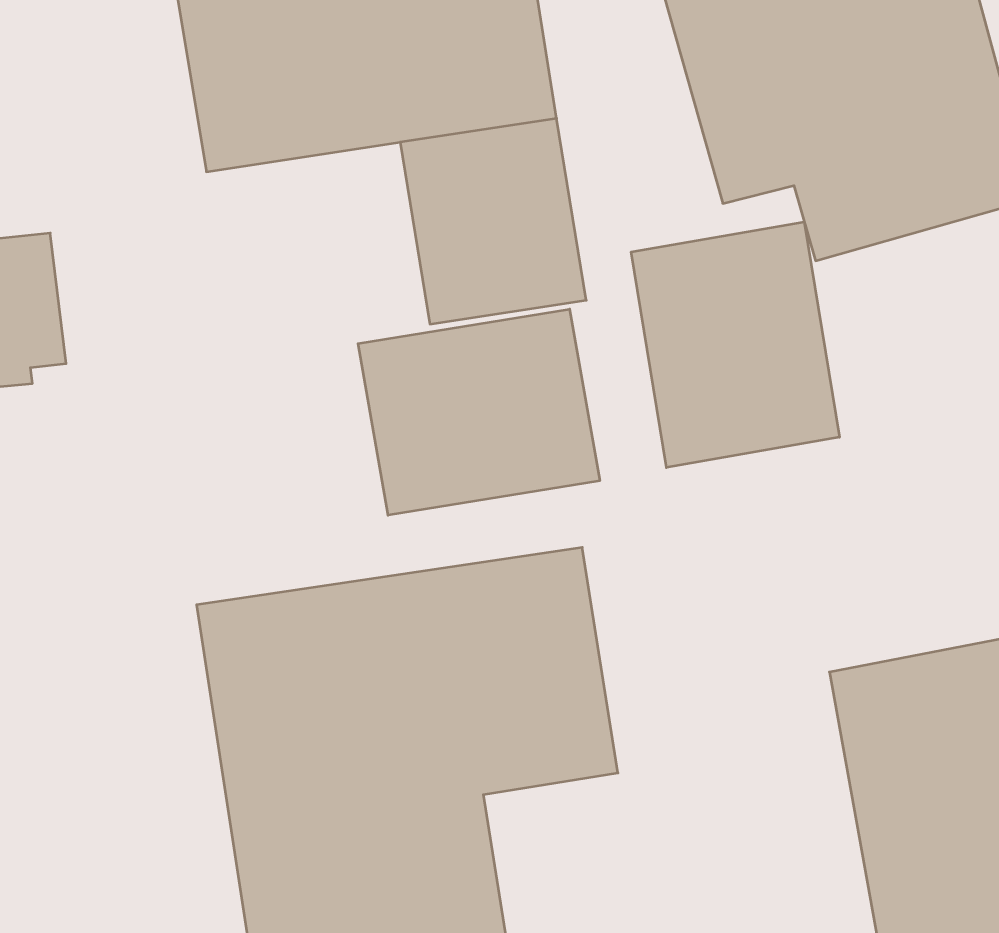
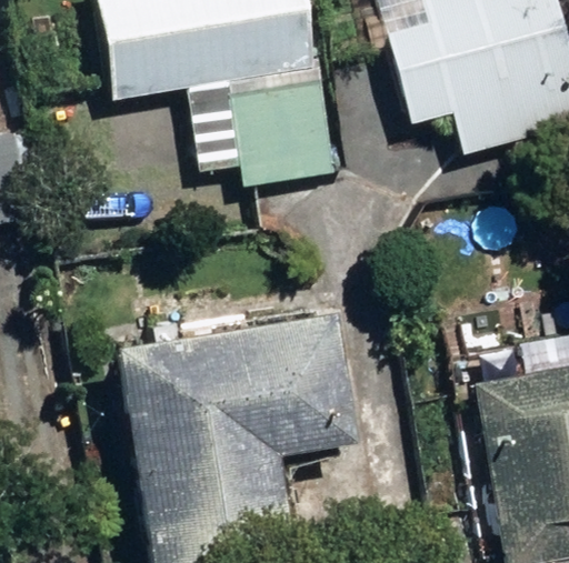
building: [631,222,839,468] -> none
building: [358,309,600,515] -> none

